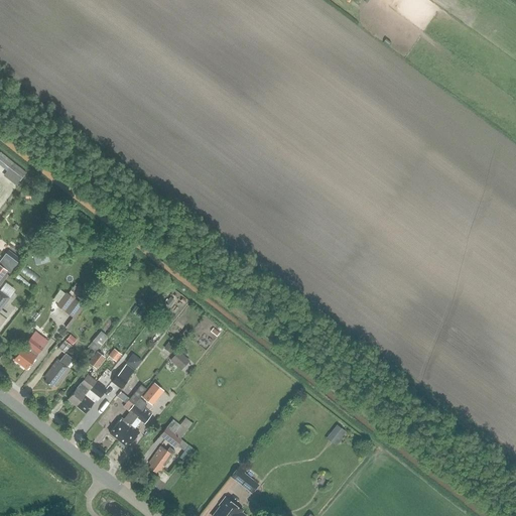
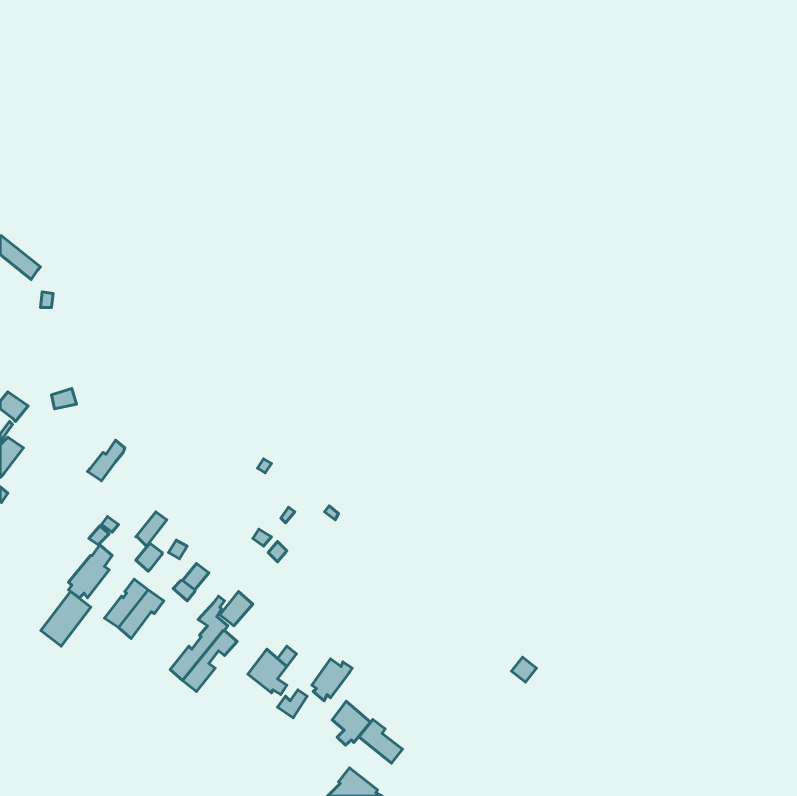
building: [13,334,45,369] -> [41,591,91,646]
building: [148,445,174,473] -> [312,659,352,701]
building: none -> [332,701,370,745]

